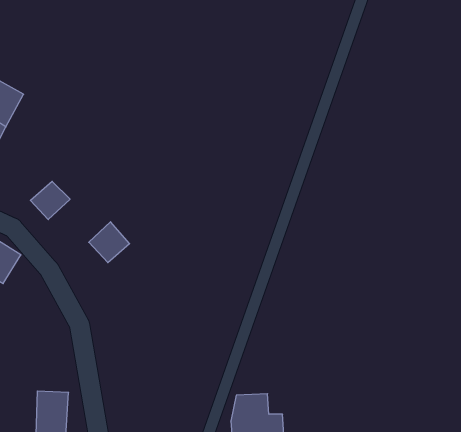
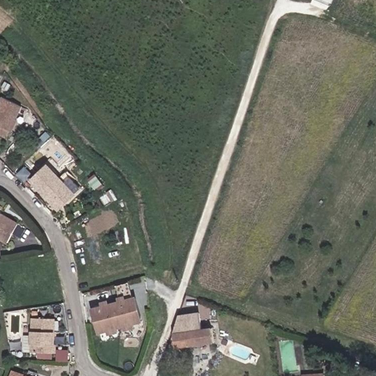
building: [89,222,130,263] -> [40,177,70,207]
building: none -> [90,299,138,333]

